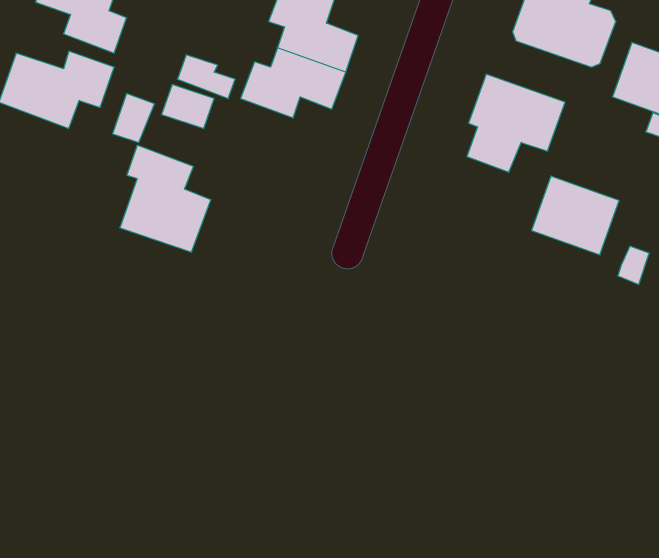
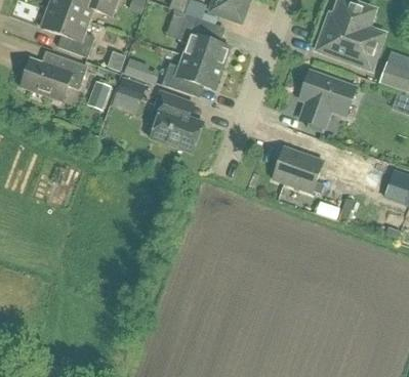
building: [120,145,211,252] -> [150,89,203,152]
building: [532,176,619,255] -> [272,145,323,192]

